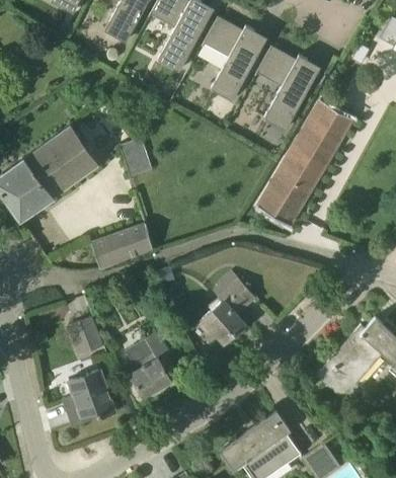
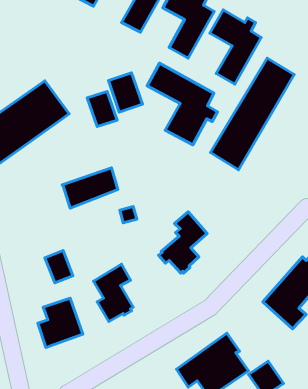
building: none -> [147,63,218,145]
building: none -> [108,73,142,112]

